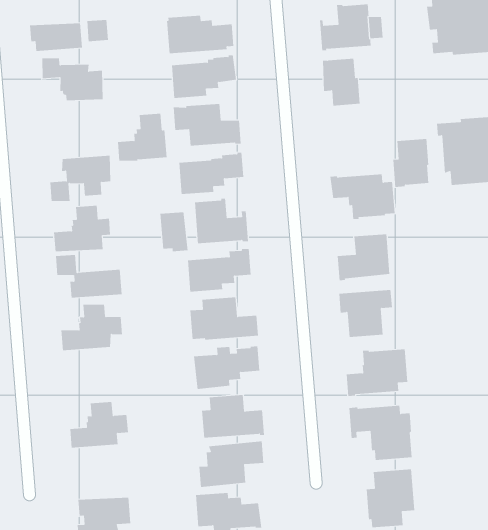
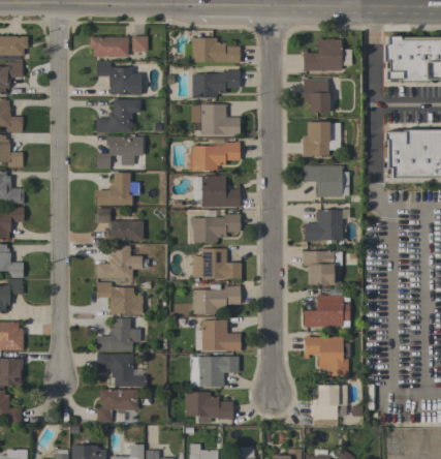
building: [117,113,167,161] -> [96,99,132,133]
building: [392,139,429,187] -> [303,122,329,156]
building: [160,211,188,252] -> none
building: none -> [96,282,143,315]
building: none -> [97,354,146,386]

